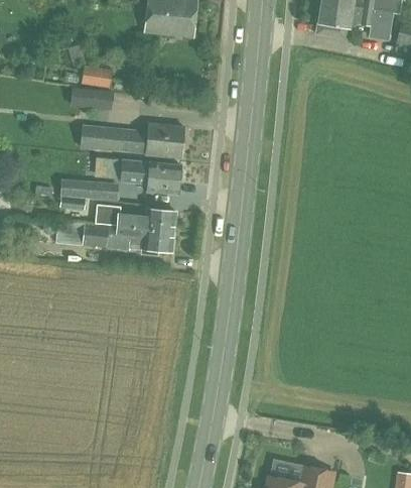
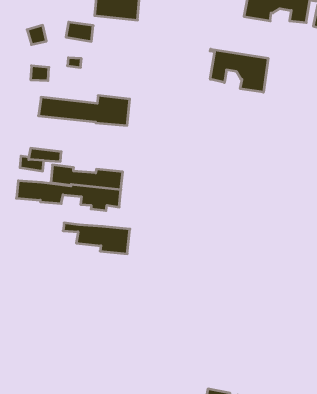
building: [81,67,112,89] -> [66,22,93,41]
building: none -> [210,49,268,92]
building: [104,159,180,195] -> [63,223,130,254]

